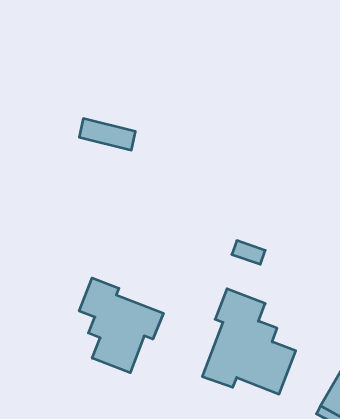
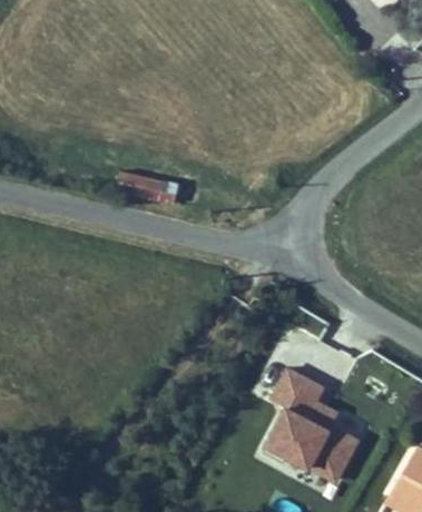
building: [79,278,163,373] -> none

